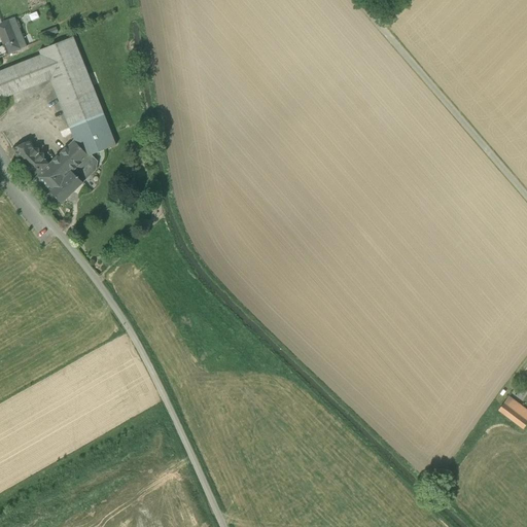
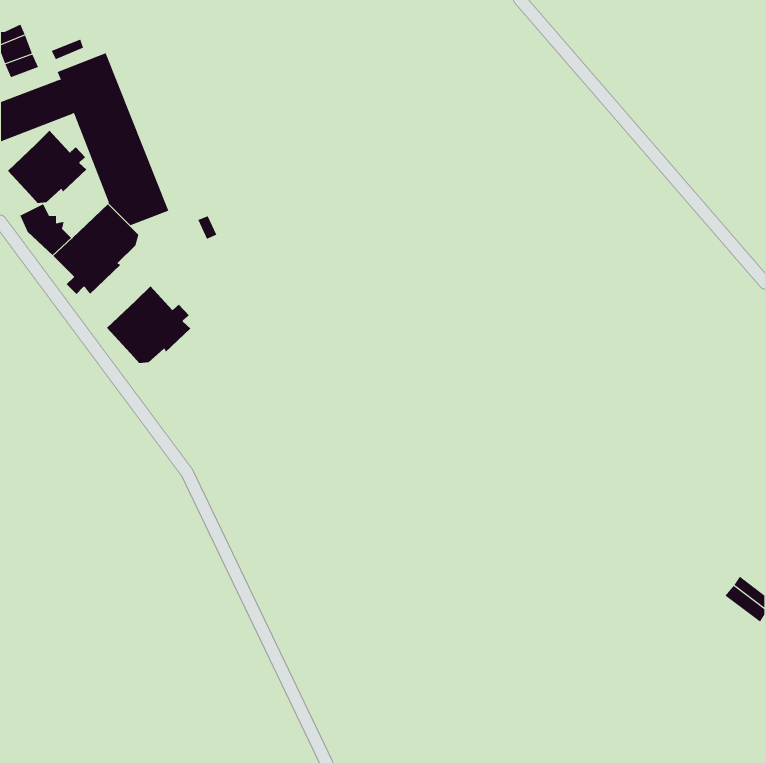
building: none -> [7,130,87,204]
building: none -> [106,285,191,364]

